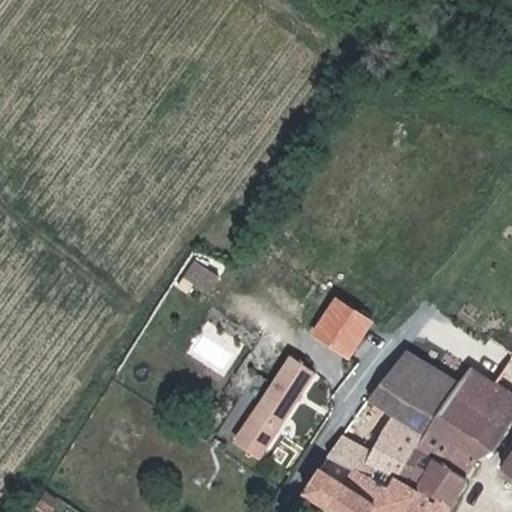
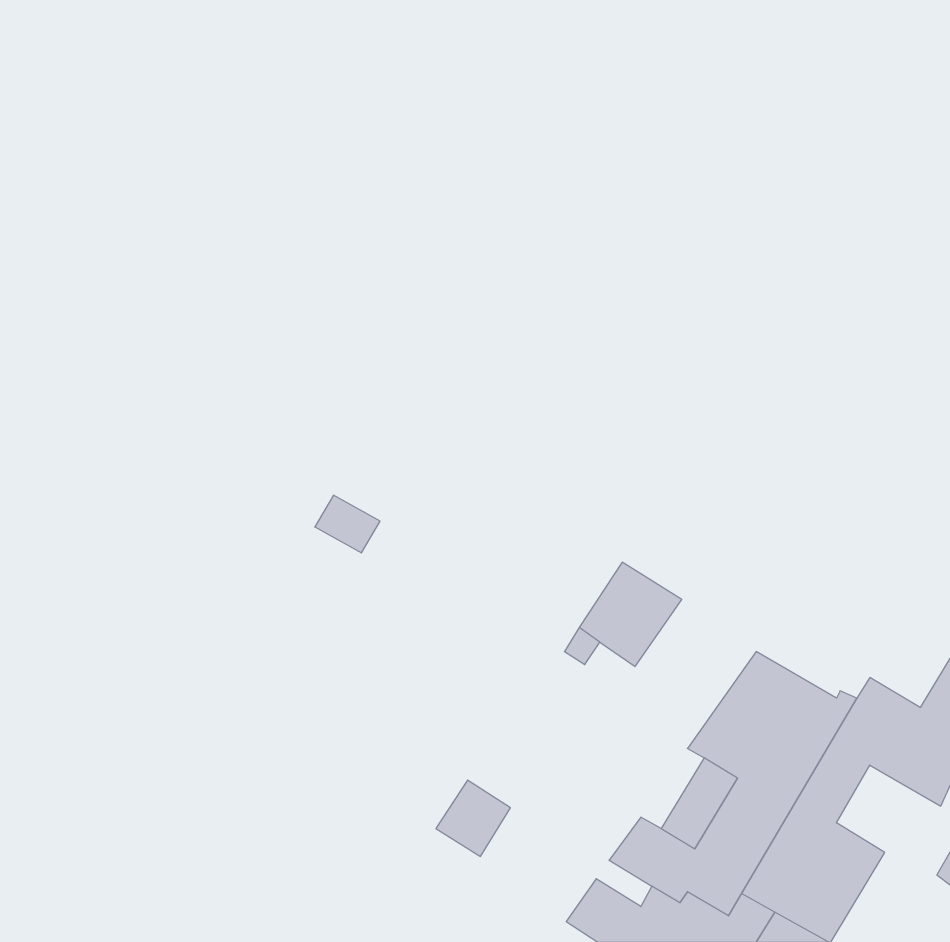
building: [252,360,310,434] -> none
building: [450,411,506,458] -> none

